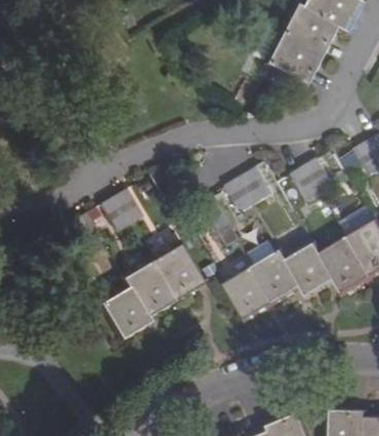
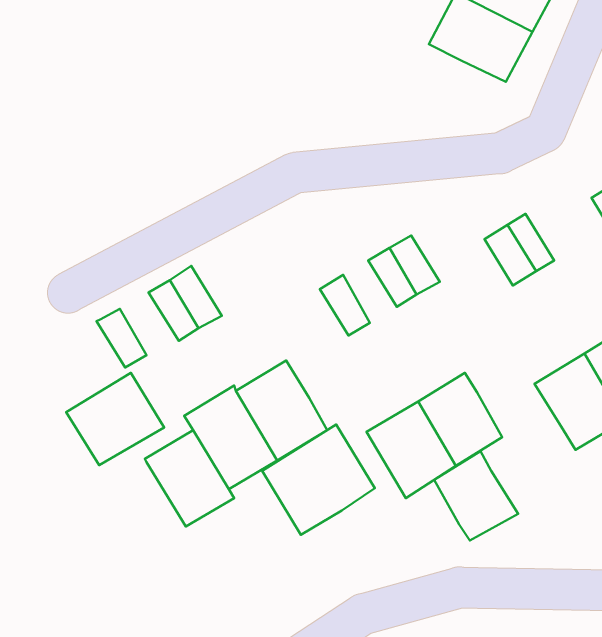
building: [288,244,336,295] -> [434,451,518,541]
building: none -> [66,373,164,465]
building: none -> [262,425,375,535]

